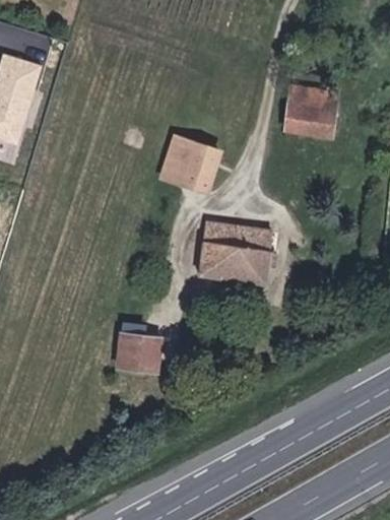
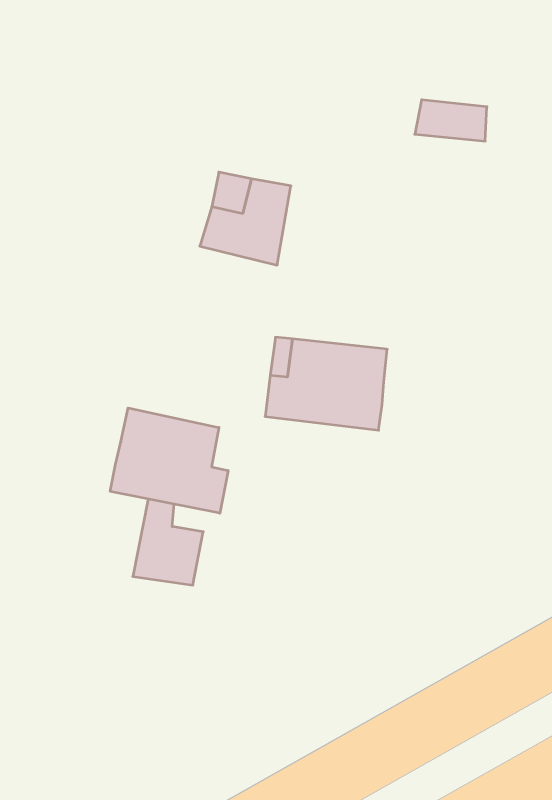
building: [279,103,325,132] -> none
building: none -> [110,408,228,513]

